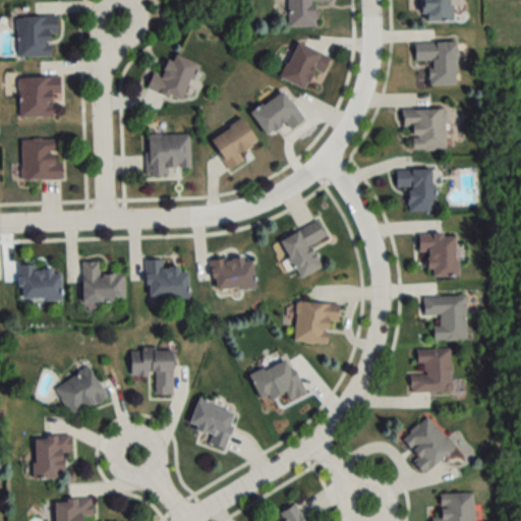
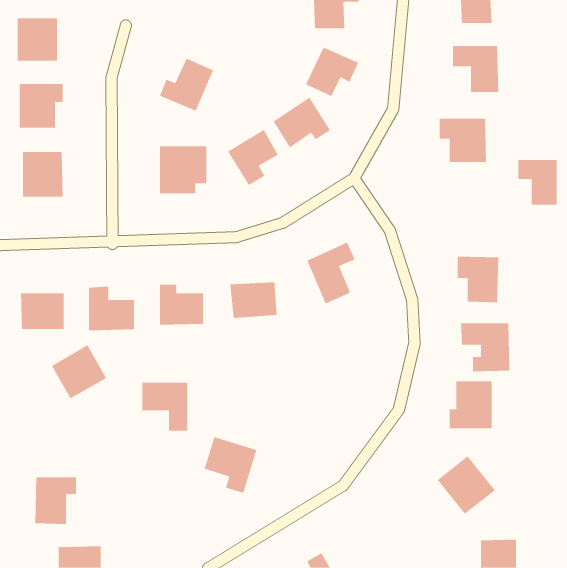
building: [397,169,433,211] -> [517,160,557,205]
building: [295,302,340,343] -> none
building: [251,358,305,401] -> none
building: [56,366,107,416] -> [51,345,107,399]

